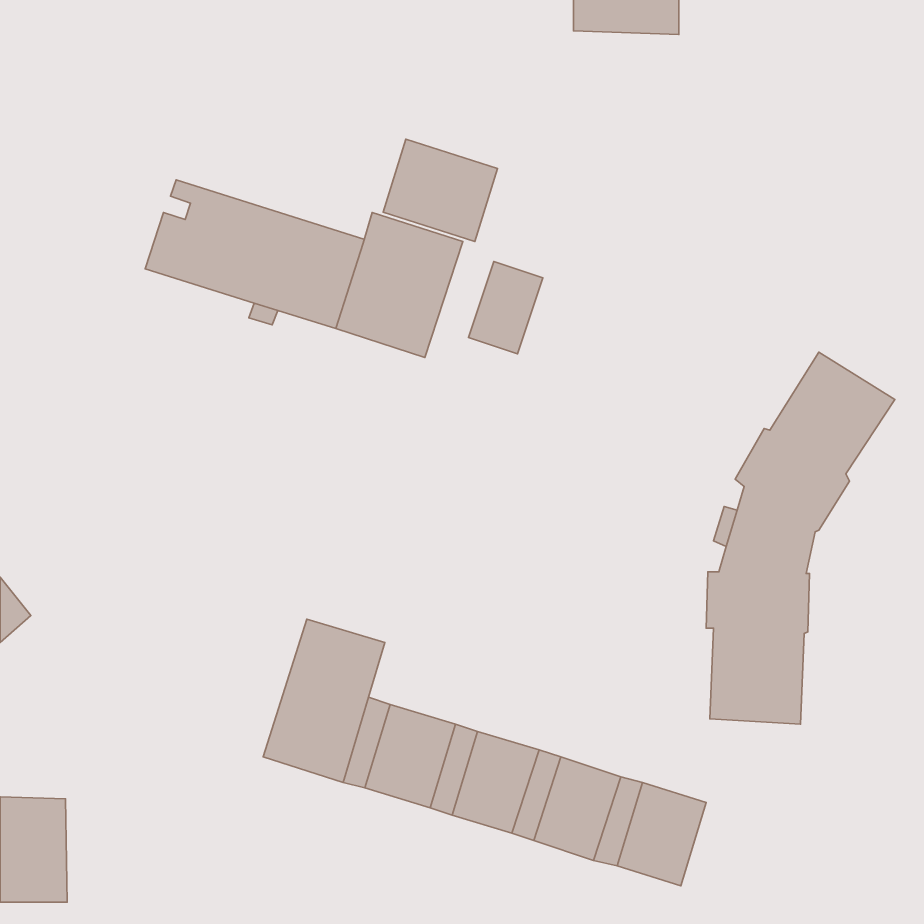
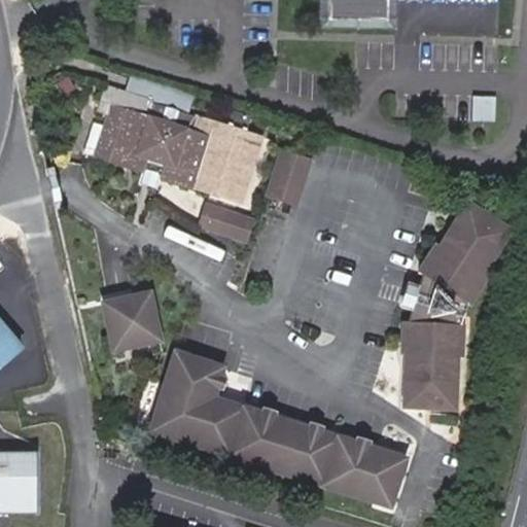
building: [383,139,497,241] -> none
building: none -> [202,203,254,239]
building: none -> [104,292,160,348]

